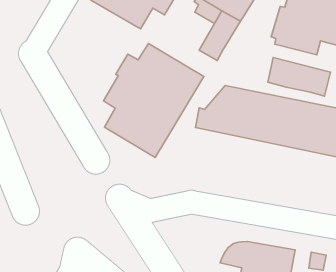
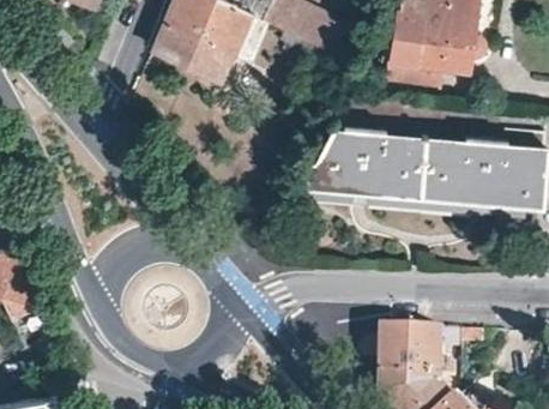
building: [104,43,204,157] -> none
building: [268,58,331,96] -> none

